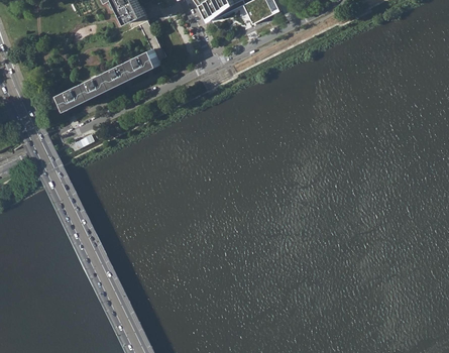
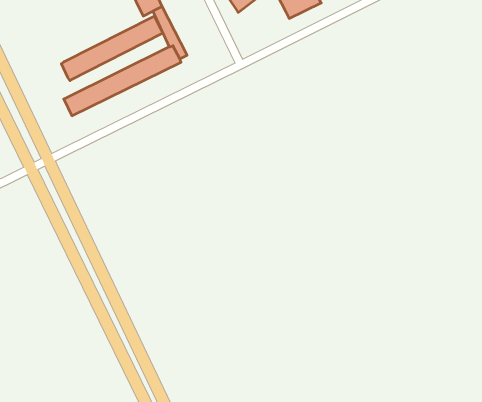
building: none -> [61,16,163,81]

